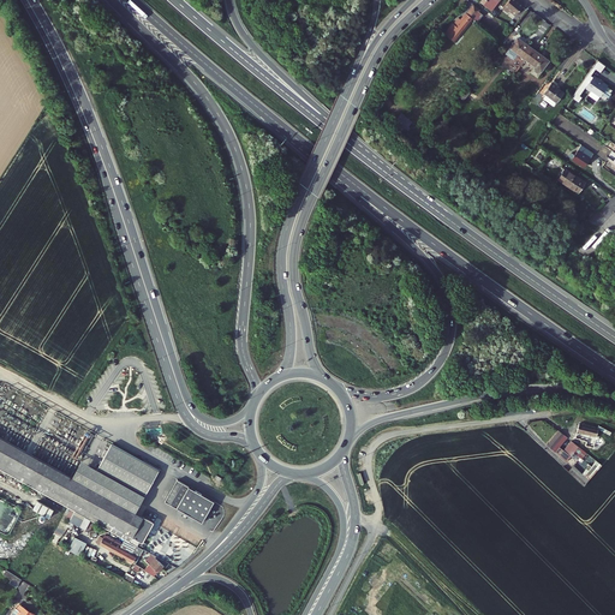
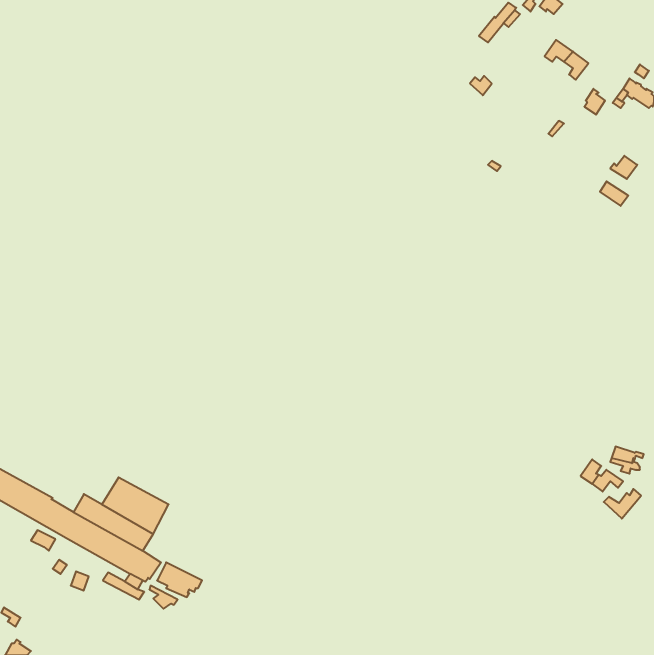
building: [163,480,213,524] -> none

